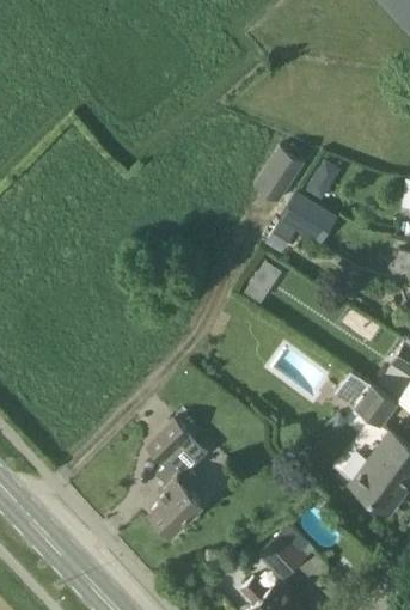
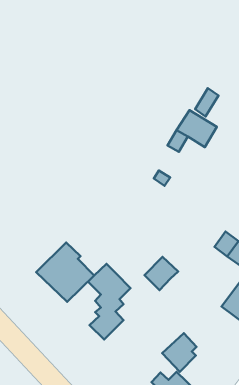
building: [253,147,305,205] -> none
building: none -> [36,242,94,302]
building: none -> [145,257,178,290]

